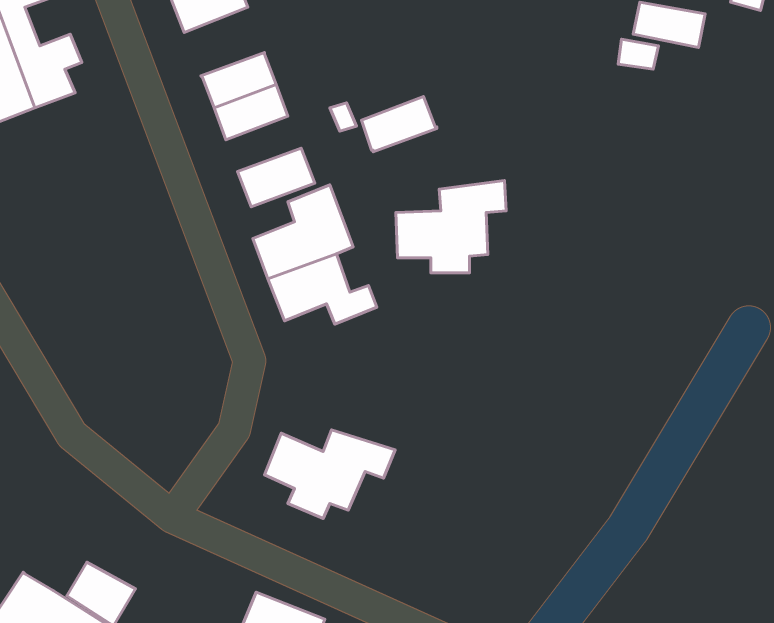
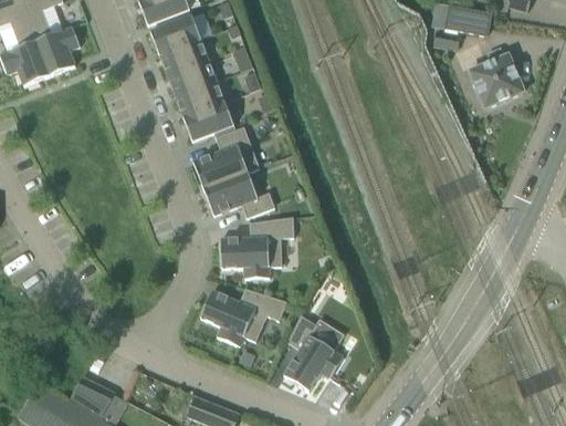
building: none -> [149,15,200,54]
building: none -> [469,48,523,107]
building: [361,97,437,152] -> [175,81,224,117]
building: [396,181,506,273] -> [220,217,293,278]
building: none -> [283,315,343,391]

